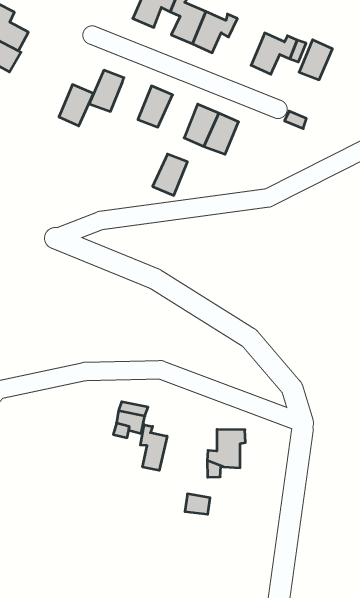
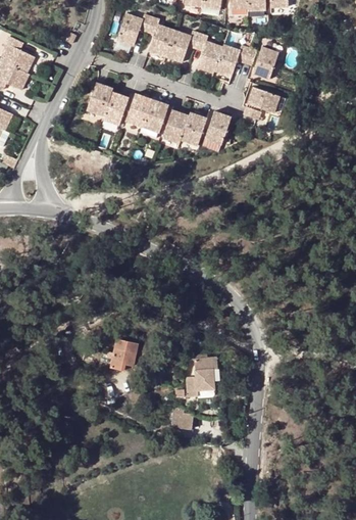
building: none -> [192,35,219,74]
building: [59,85,94,126] -> [100,92,126,125]
building: none -> [245,87,277,112]
building: none -> [202,109,228,142]
building: [153,154,187,195] -> [140,99,166,132]
building: [140,425,167,470] -> none

